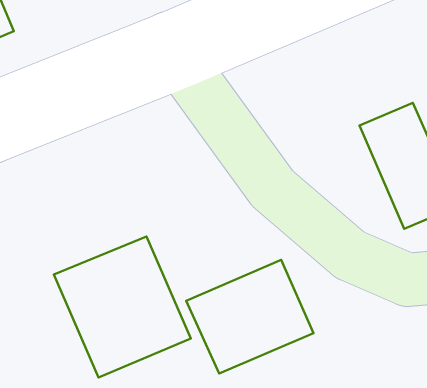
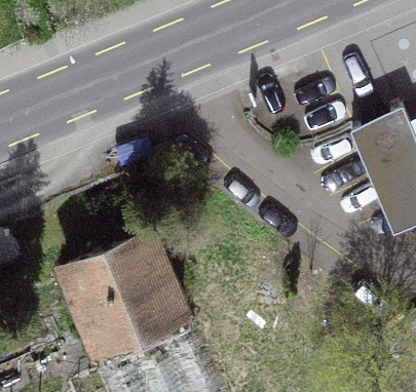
building: [186,260,314,373] -> none

